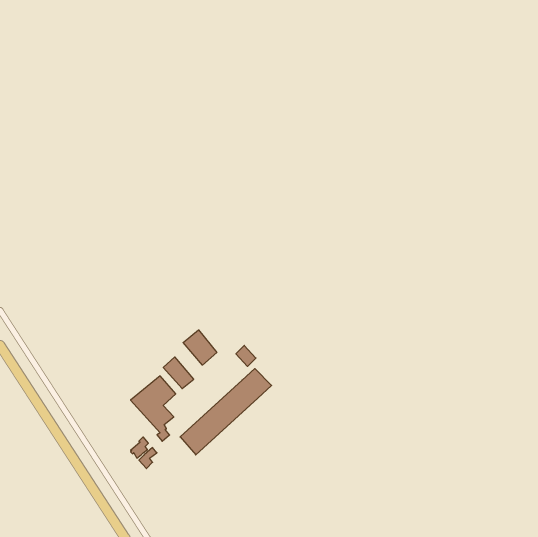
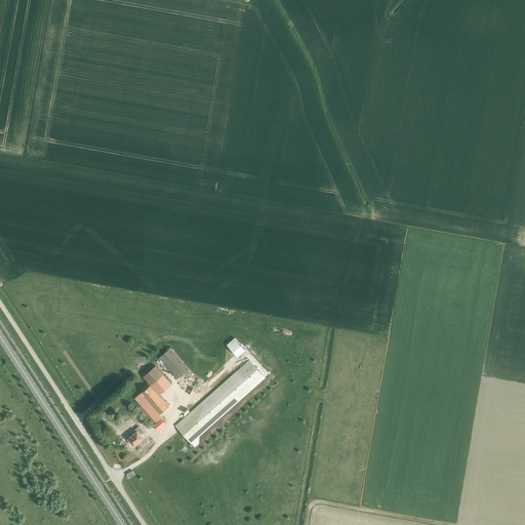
building: [183,330,217,365] -> none

